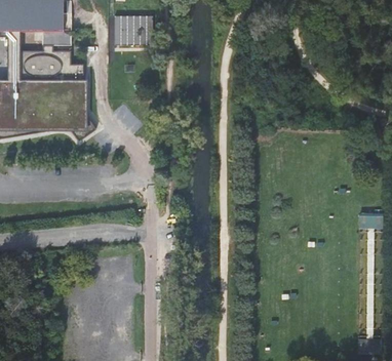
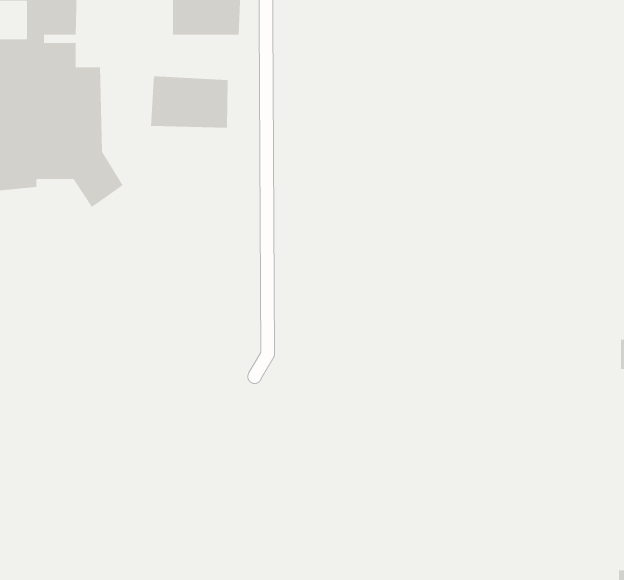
building: none -> [151,76,228,128]

